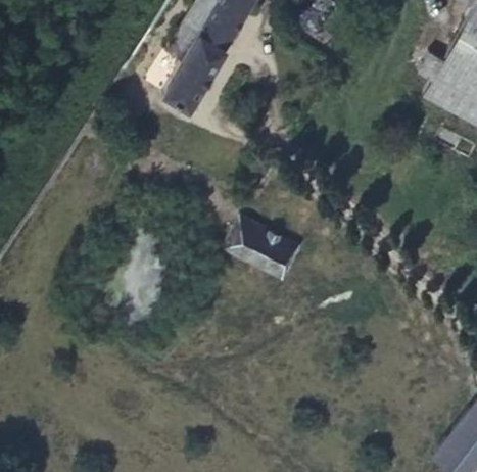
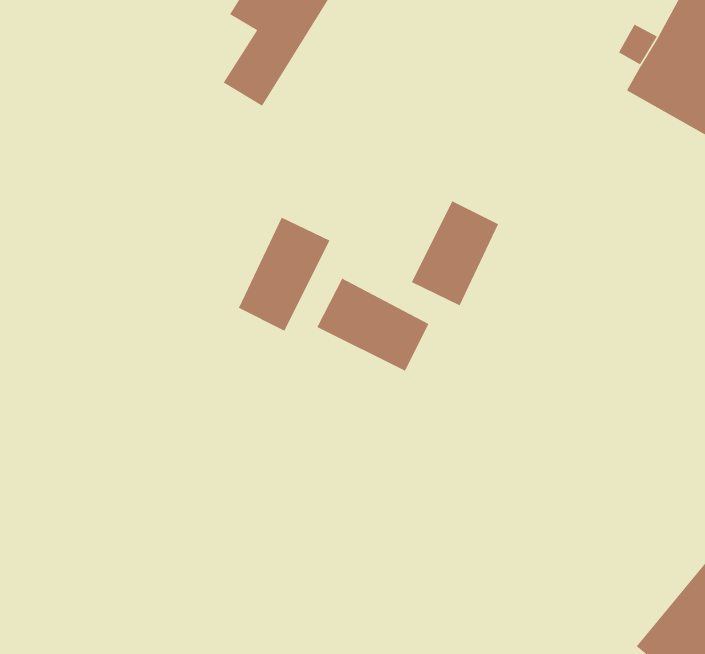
building: none -> [411,201,499,306]
building: none -> [238,217,330,331]

